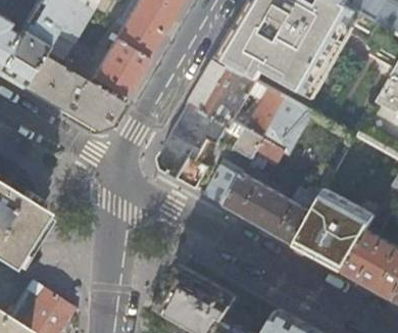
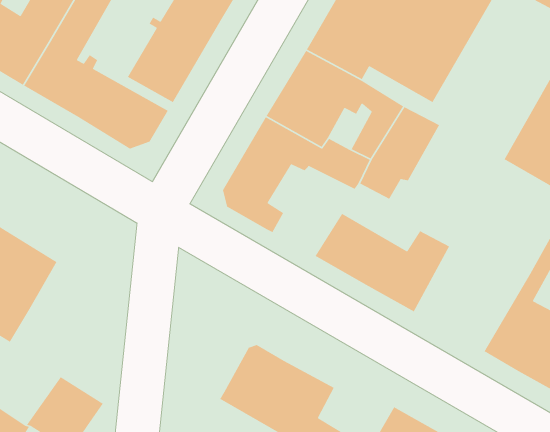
building: [207,160,252,205] -> none
building: [297,188,379,273] -> none

